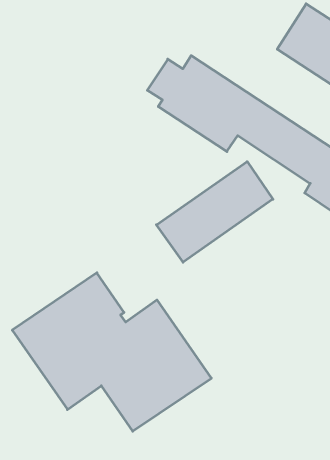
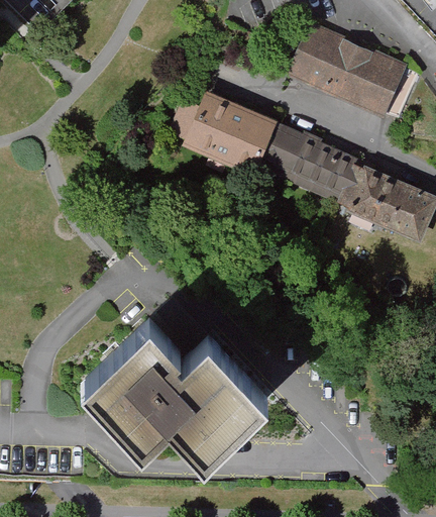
building: [156,162,273,262] -> none

